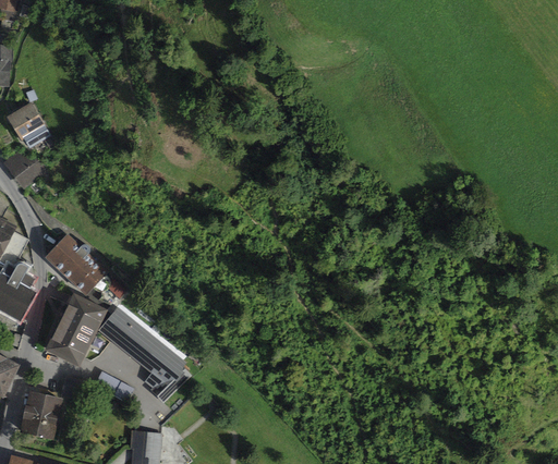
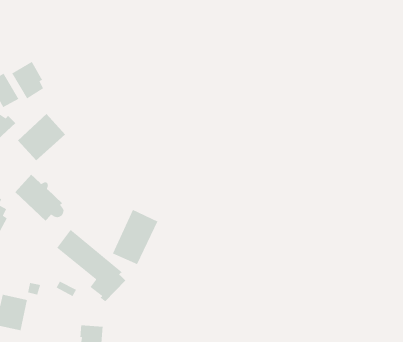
building: none -> [11,61,44,99]
building: none -> [17,113,66,161]
building: [45,293,106,367] -> [112,209,158,265]

